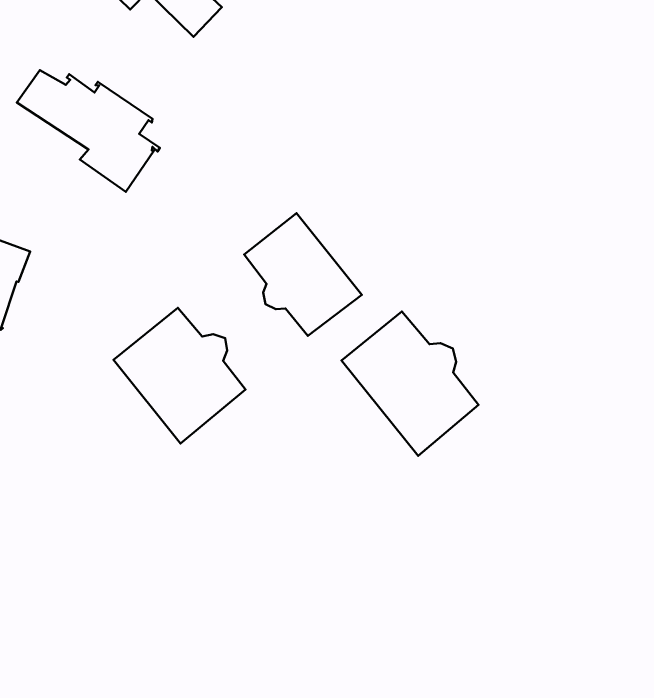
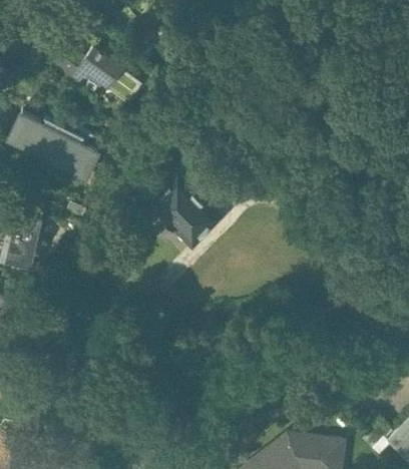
building: [114,308,245,444] -> none
building: [342,312,479,456] -> none

